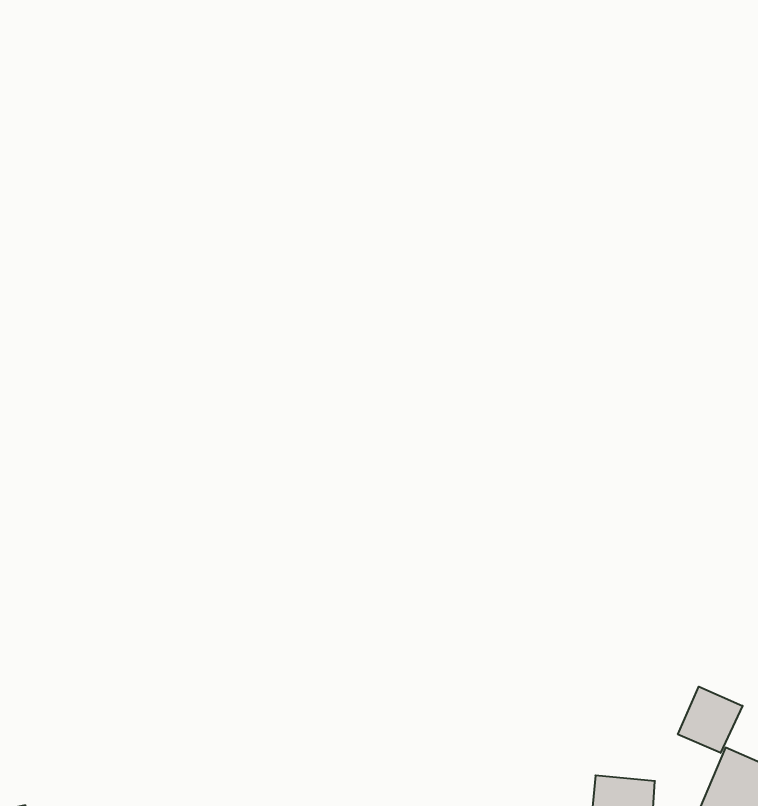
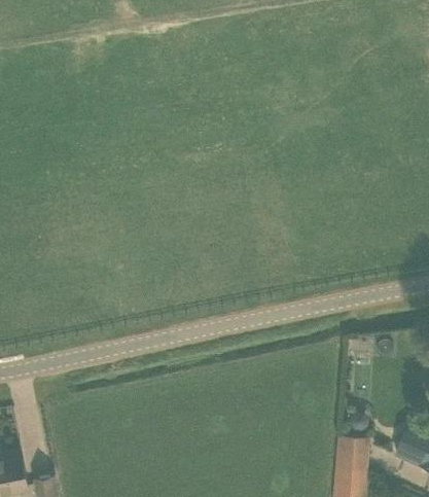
building: [678,687,743,753] -> none

